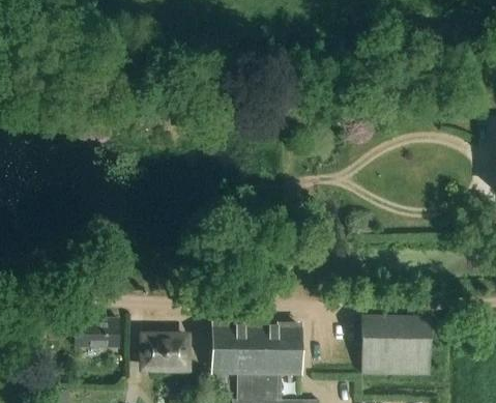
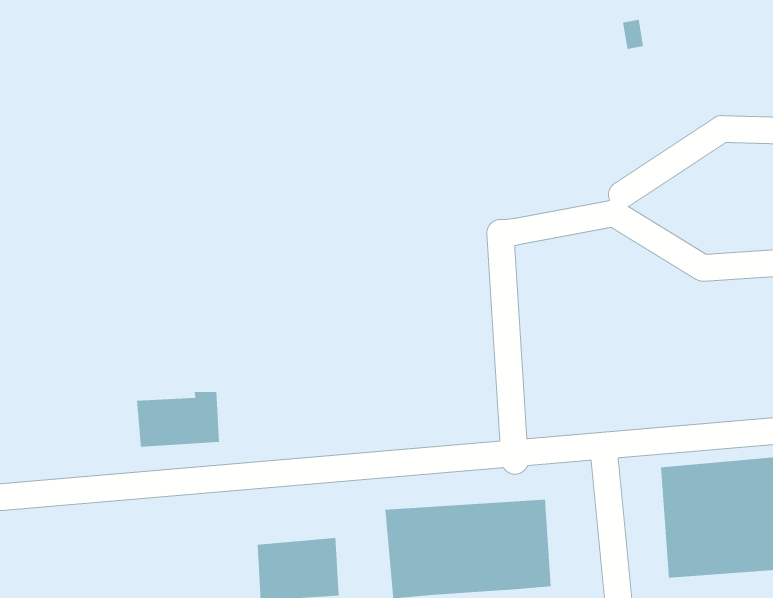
building: [75,319,118,347] -> [136,391,220,447]

